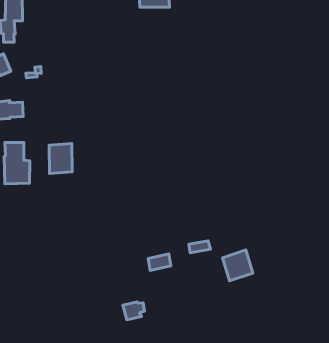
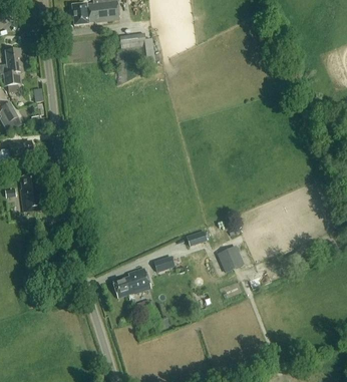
building: [49,144,72,173] -> none
building: none -> [111,268,149,299]

